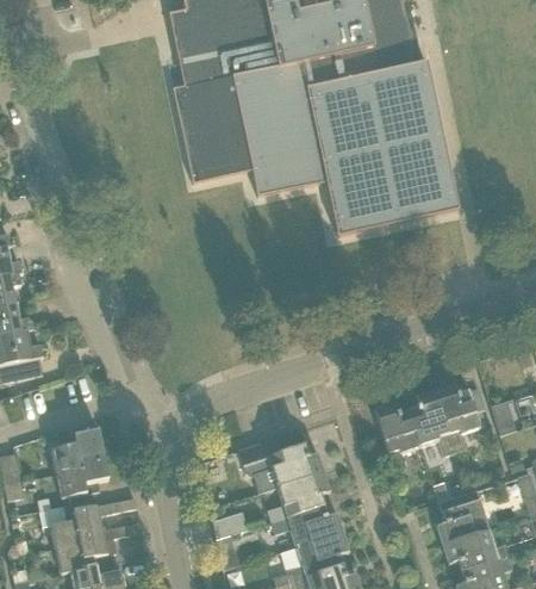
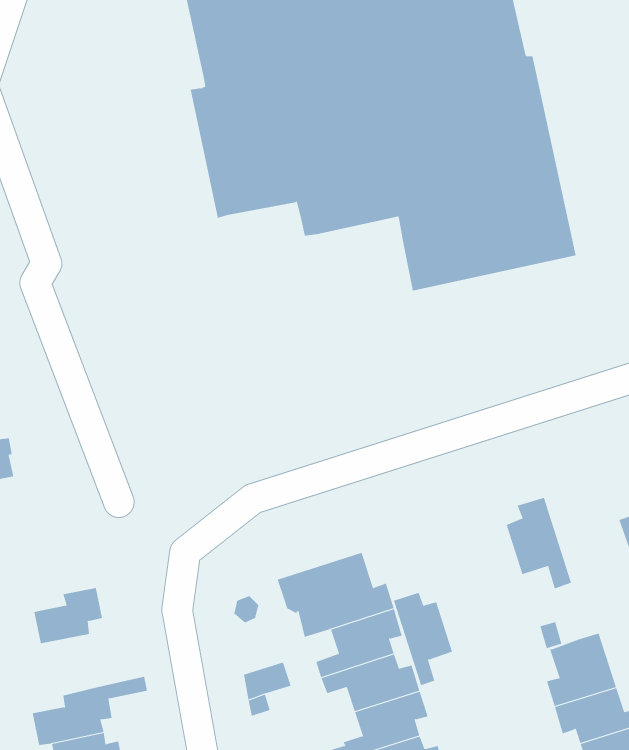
building: [435,383,480,452] -> none
building: [374,402,418,471] -> [393,592,453,686]
building: [50,429,104,473] -> none
building: [39,497,136,548] -> none

